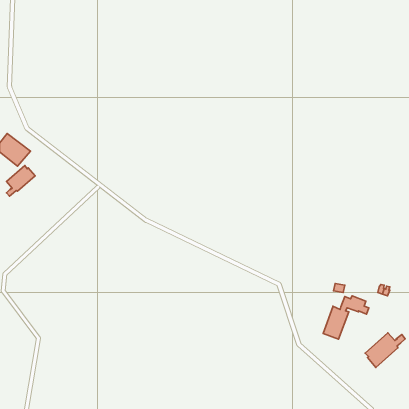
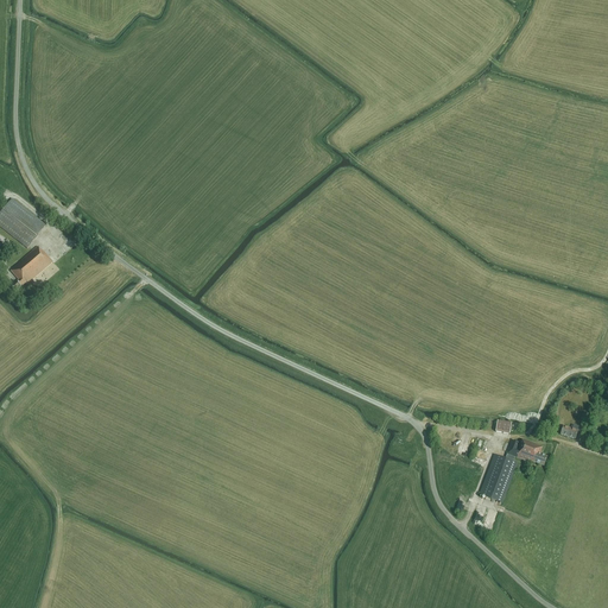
building: [365,333,405,367] -> none

